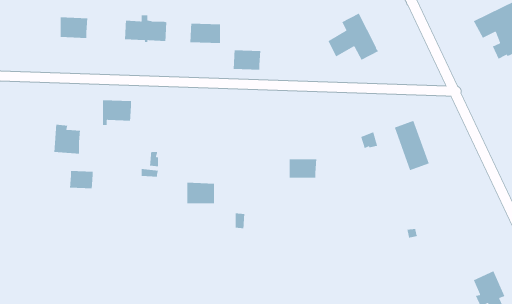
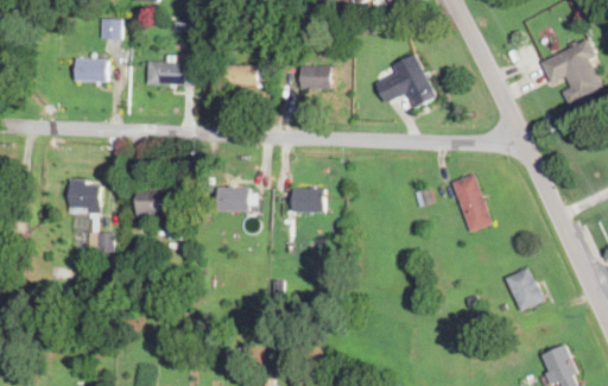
building: [233,49,261,70] -> [299,65,331,89]
building: [102,100,132,126] -> [135,188,169,217]
building: [289,159,317,179] -> [292,189,324,211]
building: [186,182,215,204] -> [217,186,249,211]
building: none -> [505,267,544,311]

